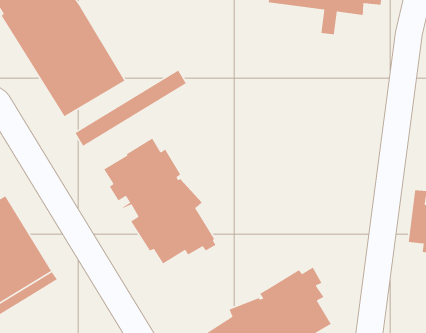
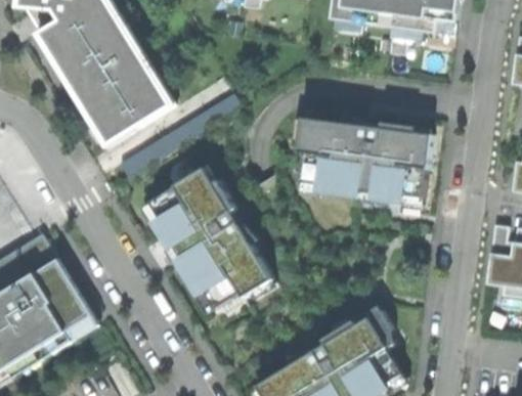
building: none -> [296,119,430,201]

